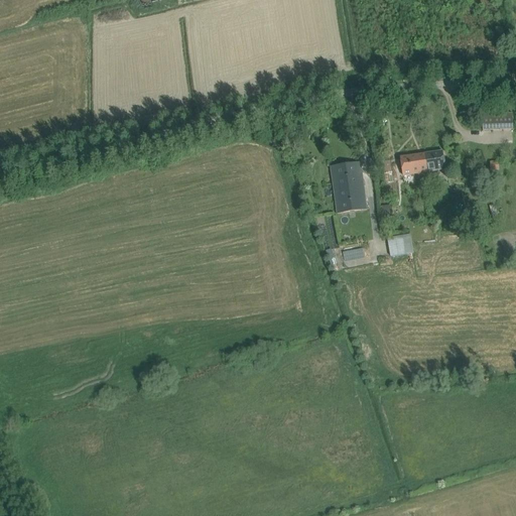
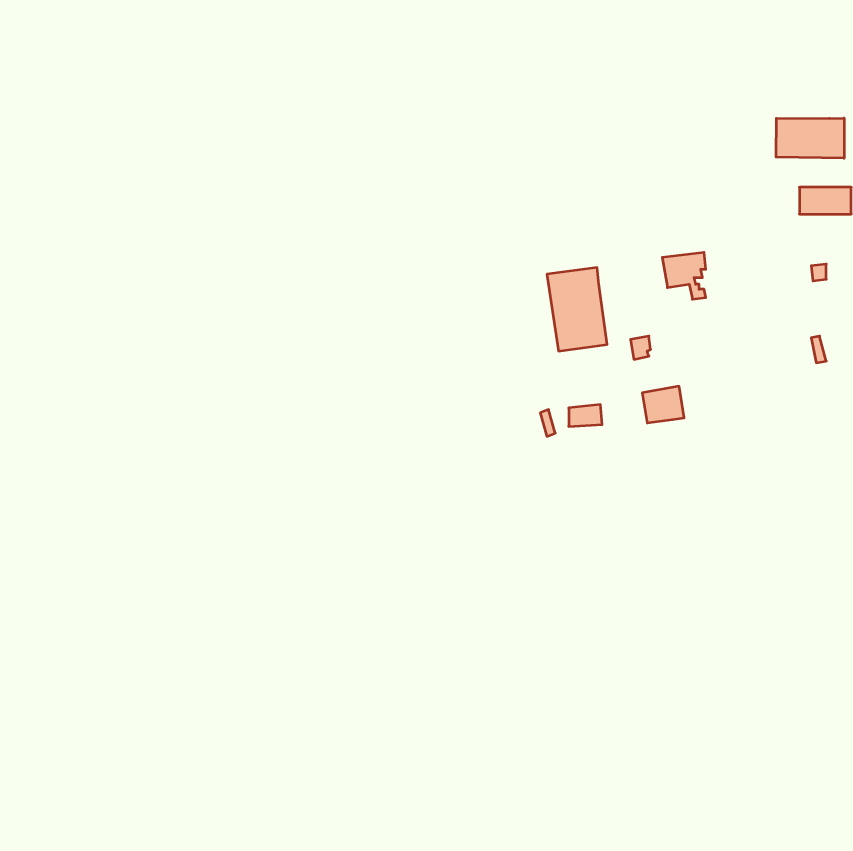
building: none -> [776,118,844,158]
building: [418,150,444,179] -> none

